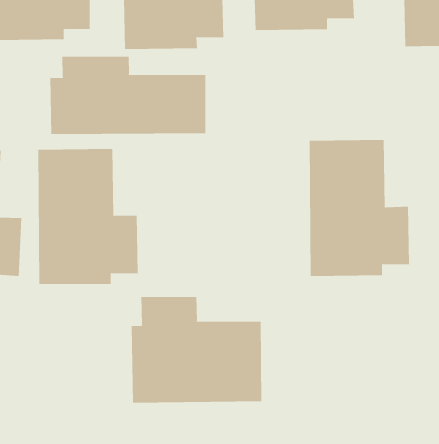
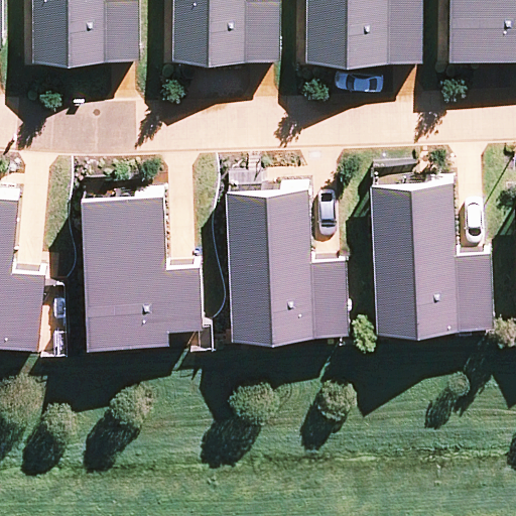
building: [50,56,206,135] -> none
building: none -> [215,177,329,330]
building: [131,296,262,403] -> none

